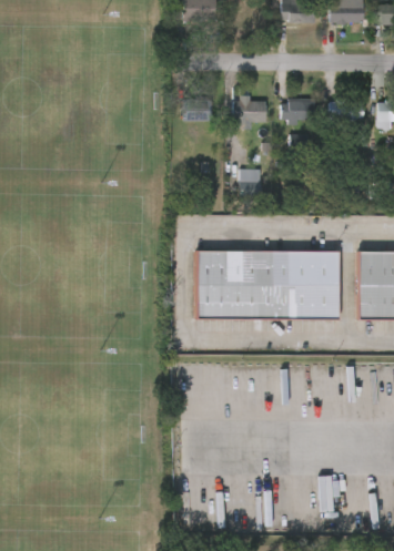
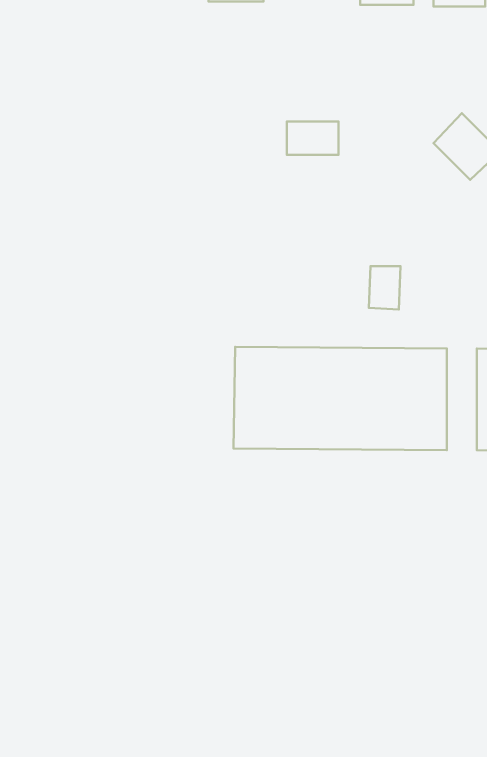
building: [279,98,315,122] -> none
building: [181,99,210,120] -> none
building: [239,169,260,197] -> [369,266,400,310]

